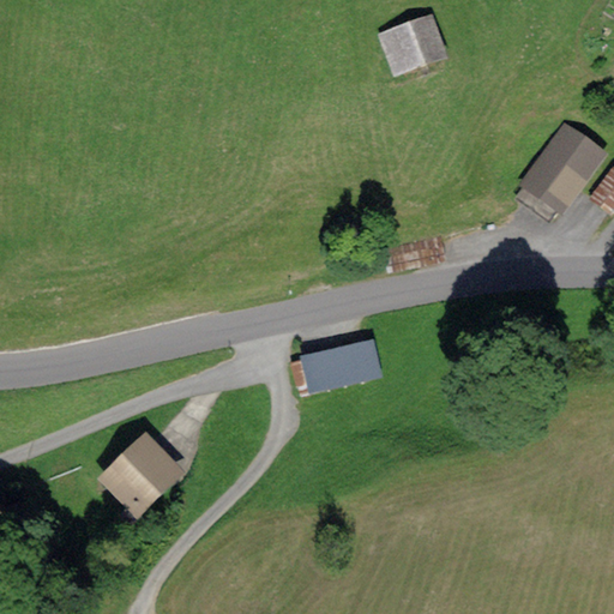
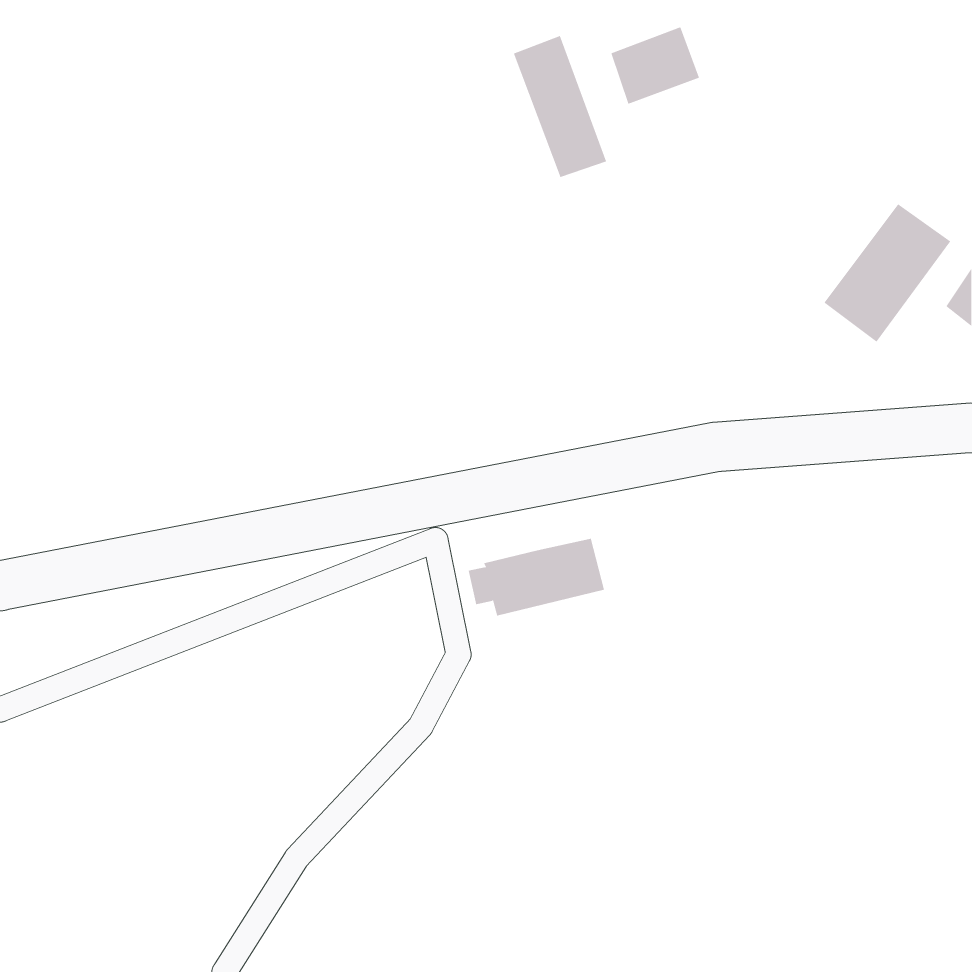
building: none -> [513,35,607,178]
building: [112,440,177,520] -> none

